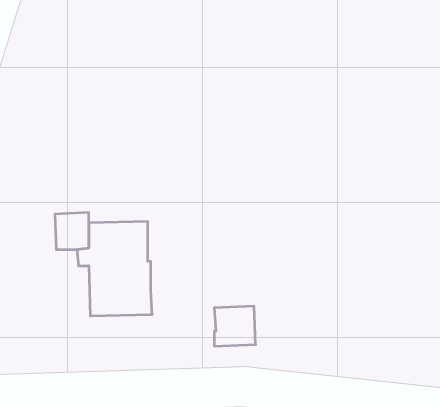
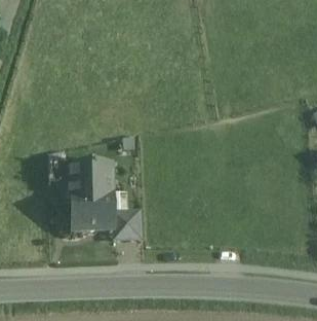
building: [214,306,256,346] -> [113,207,142,235]

